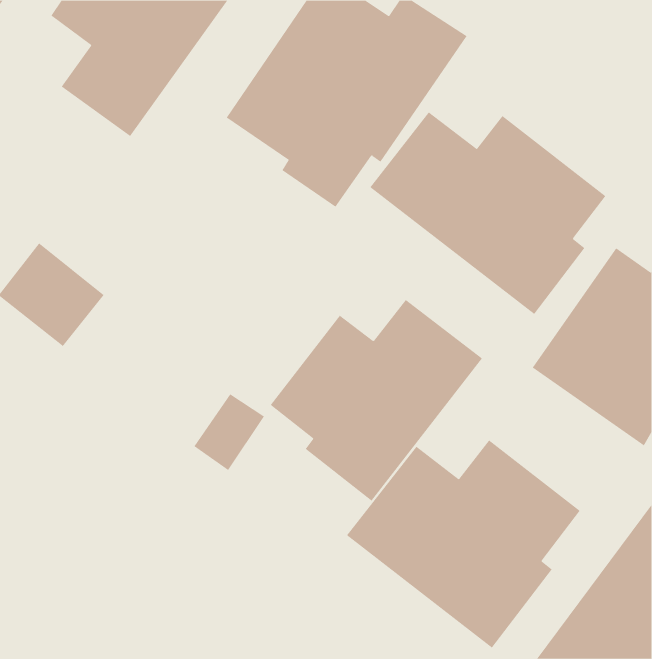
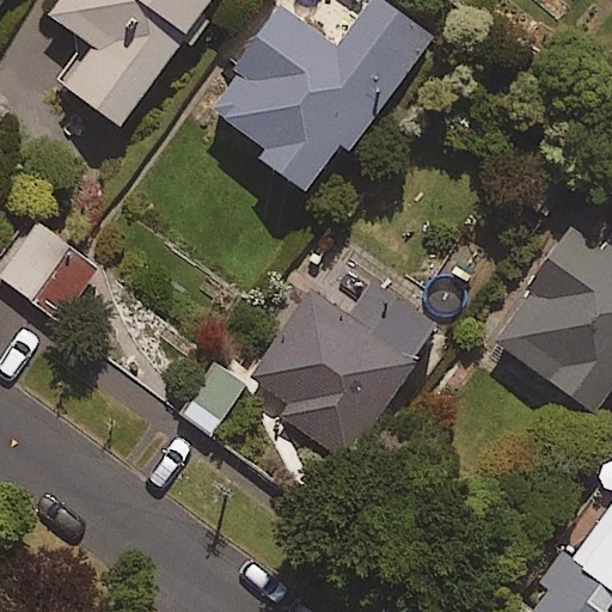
building: [369,112,606,315] -> none
building: [346,439,581,648] -> none

